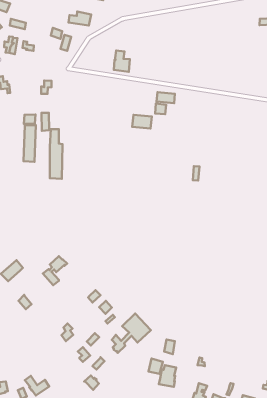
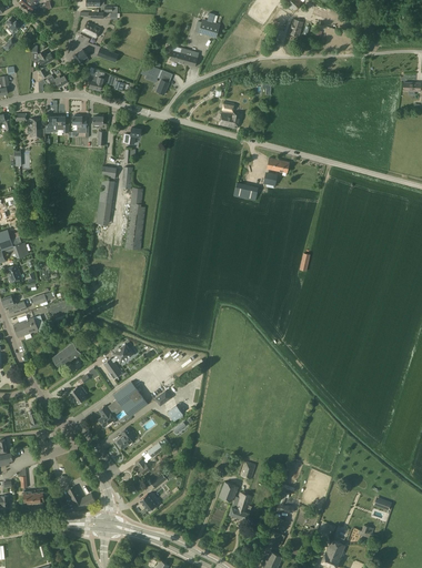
building: [112,314,151,353] -> [98,382,147,427]

